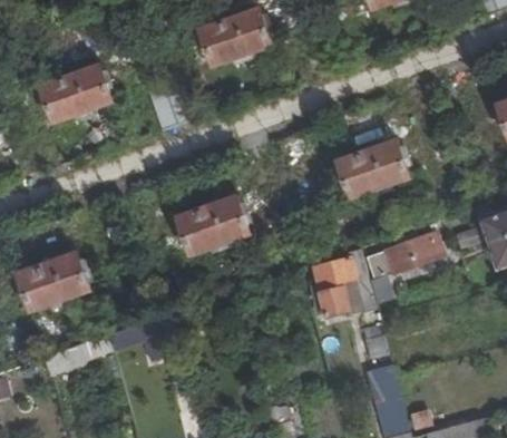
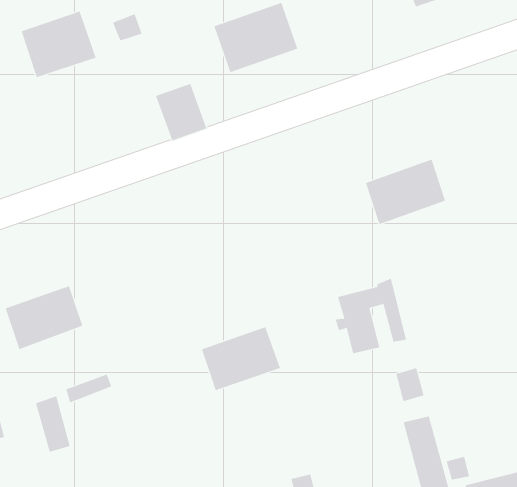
building: [50,61,117,120] -> [21,11,97,78]
building: [176,198,246,255] -> [201,326,281,391]
building: [359,231,441,302] -> none

